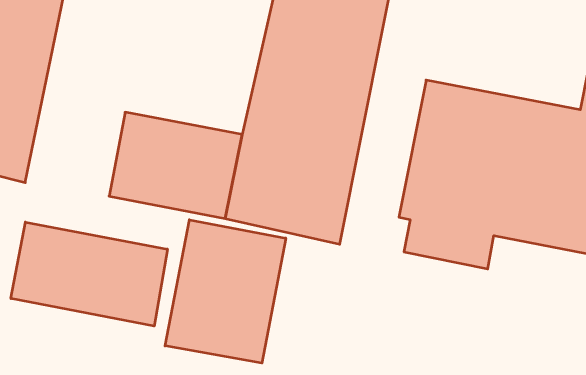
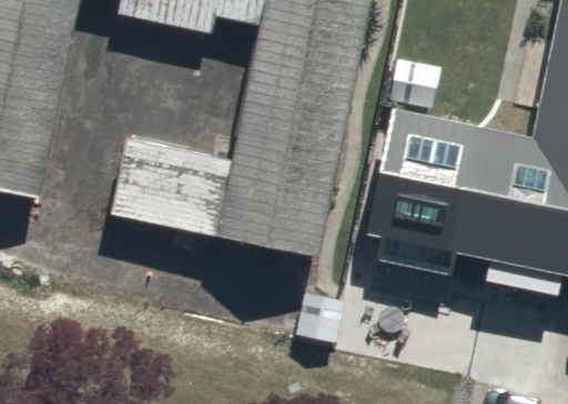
building: [165,220,286,363] -> none
building: [11,222,167,326] -> none

